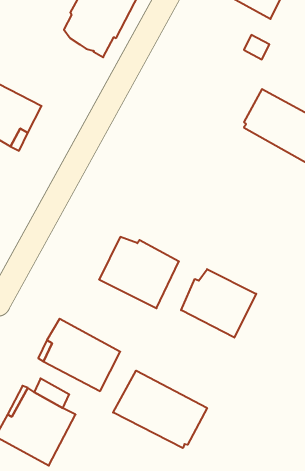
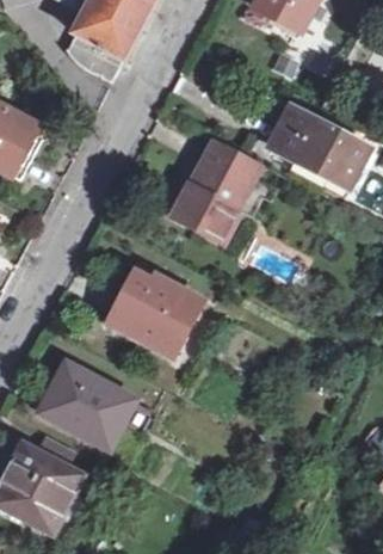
building: none -> [174,140,260,235]
building: [181,269,256,338] -> none
building: [113,371,207,448] -> none

